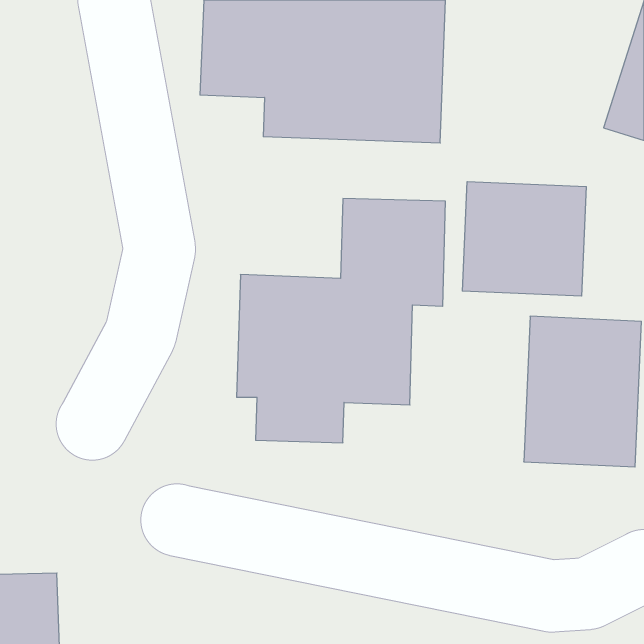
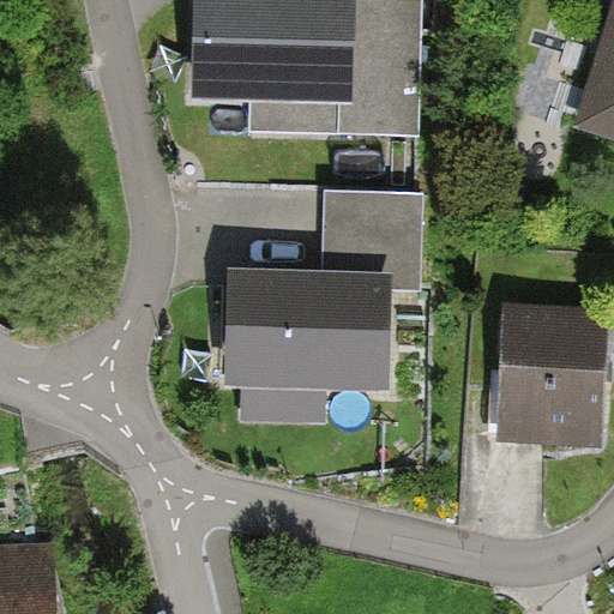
building: [462,182,586,296] -> none

